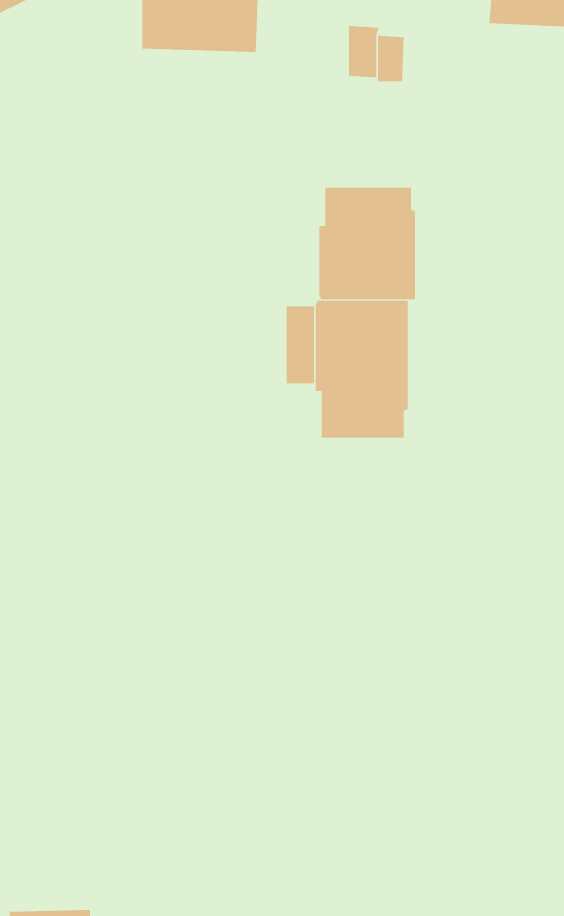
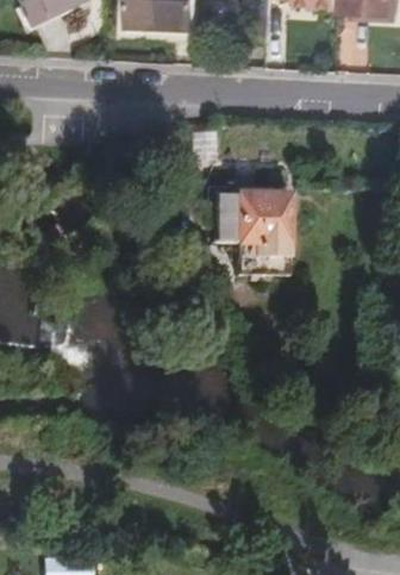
building: [319,187,416,300] -> none

